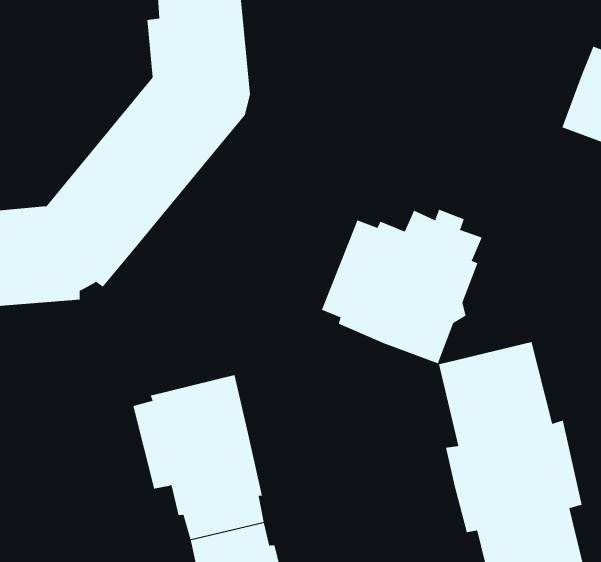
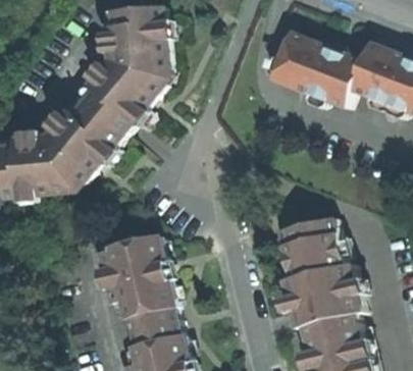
building: none -> [269,32,361,107]
building: [321,209,482,364] -> none

